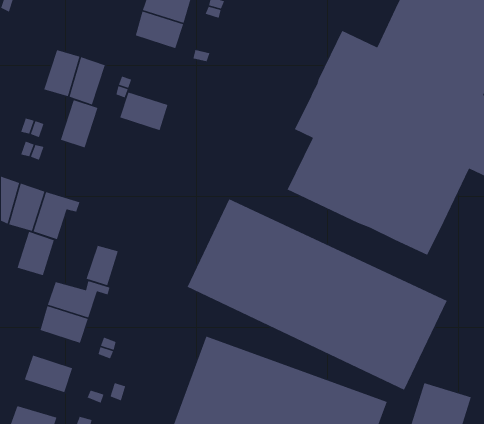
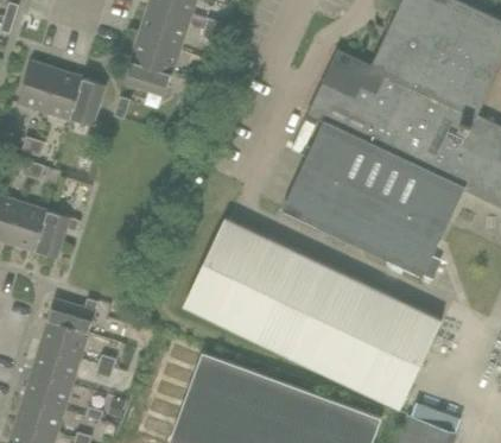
building: [119,91,169,131] -> [125,58,173,97]
building: [60,99,99,148] -> [18,63,56,112]
building: [17,231,55,276] -> none
building: [85,245,119,286] -> none
building: none -> [32,349,80,386]
building: none -> [17,398,64,435]

